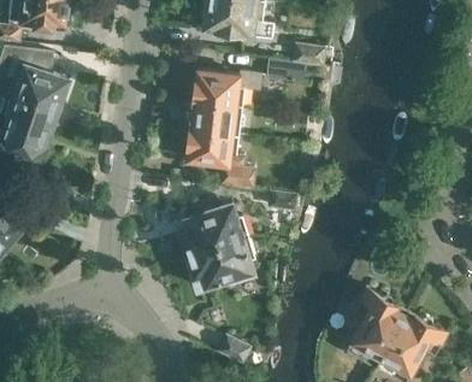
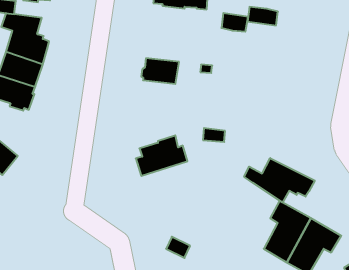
building: [266,59,306,83] -> [248,7,278,25]
building: [193,70,260,106] -> none
building: [187,130,256,192] -> none
building: none -> [244,158,315,202]
building: [187,236,254,286] -> none

